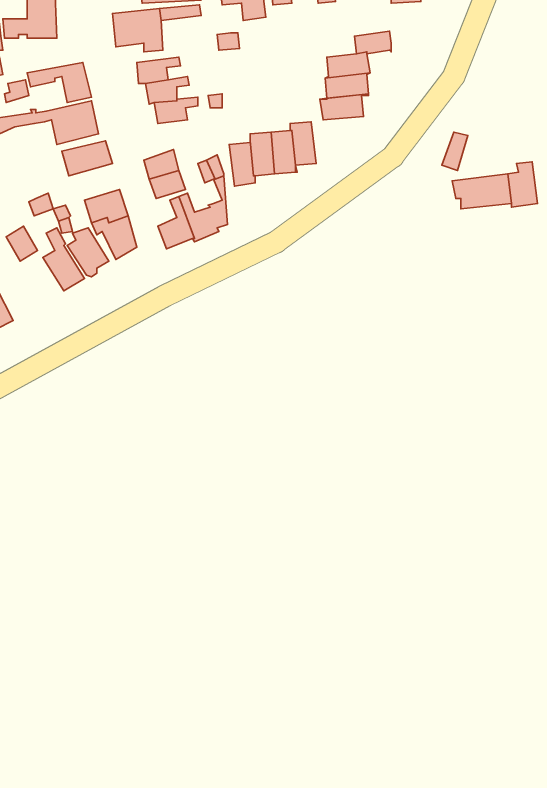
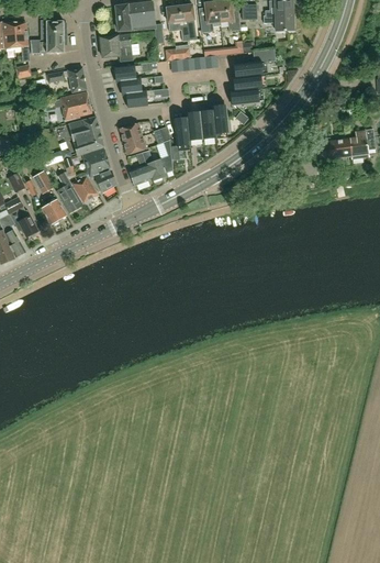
building: none -> [72,132,104,156]
building: none -> [42,195,66,224]

